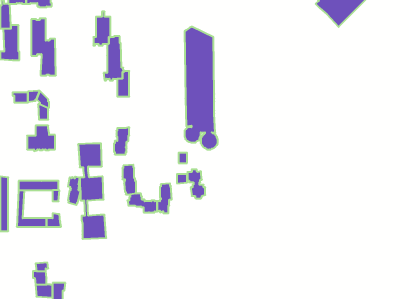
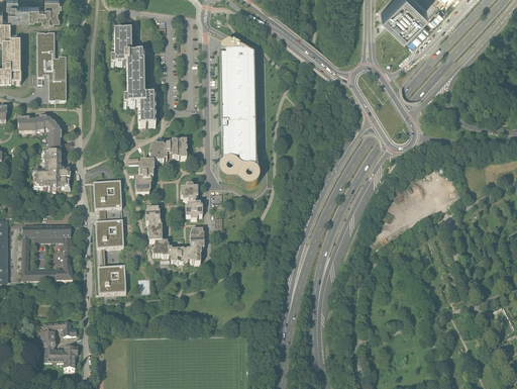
building: none -> [148,137,187,161]
building: [187,169,205,198] -> [181,183,202,217]
building: [68,177,80,205] -> none

